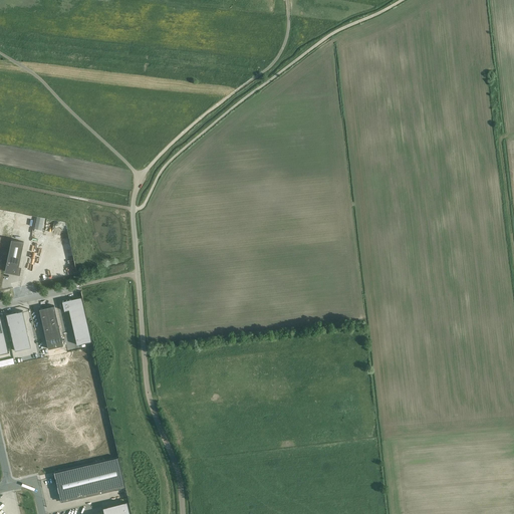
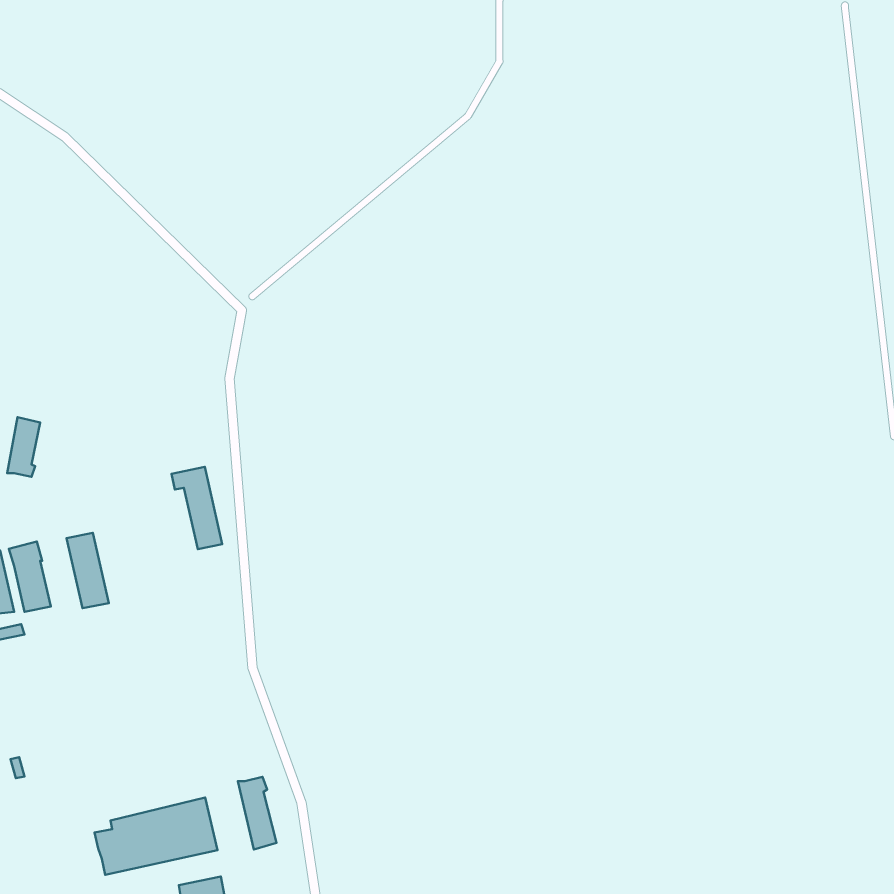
building: [61,298,90,345] -> [171,467,222,549]
building: none -> [238,777,276,849]

